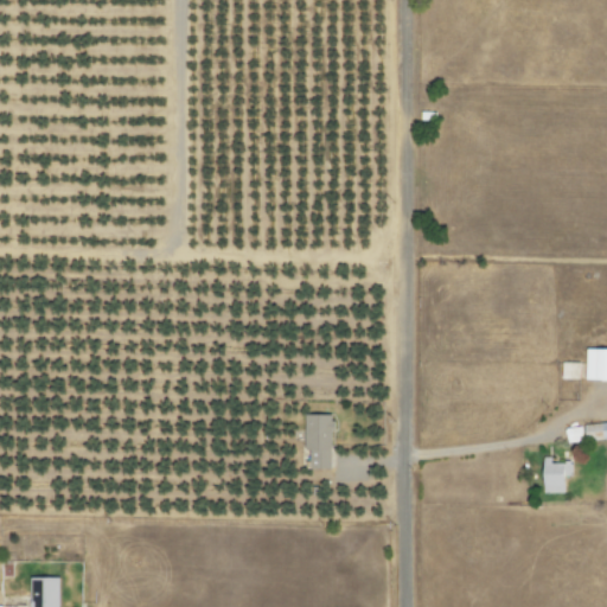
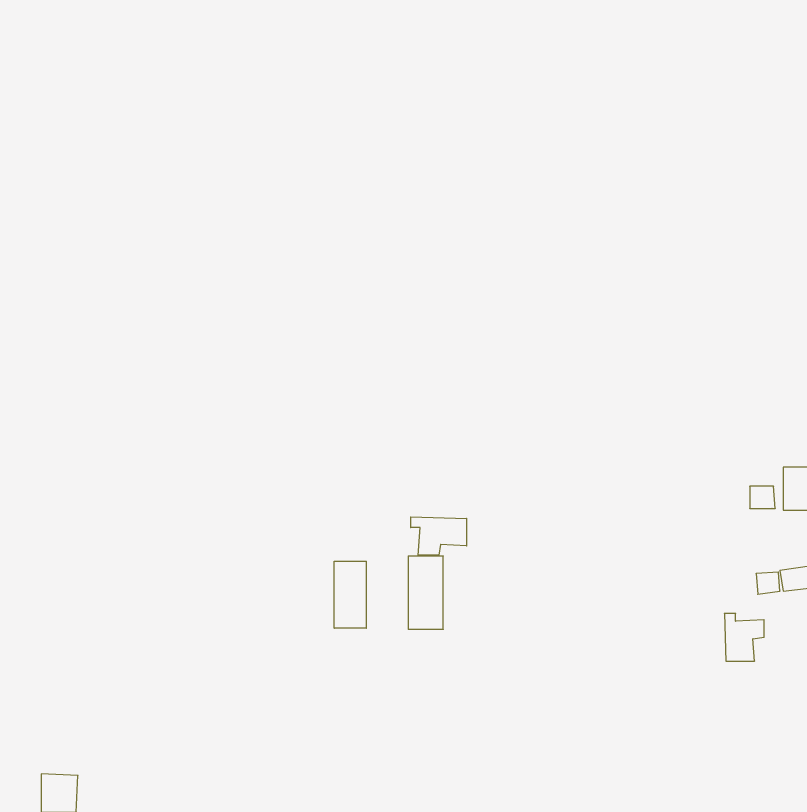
building: none -> [411,517,467,555]
building: none -> [334,561,366,628]

